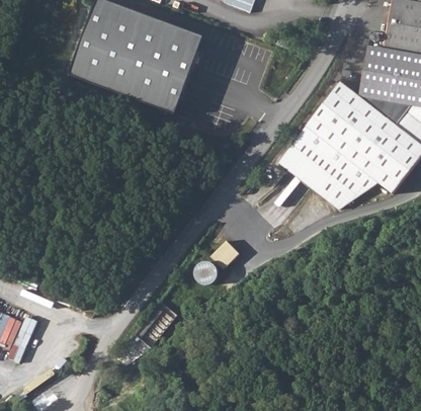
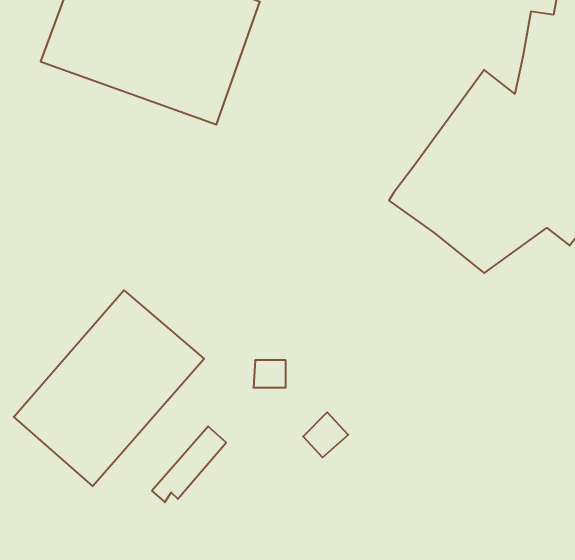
building: none -> [14,290,204,486]
building: [213,239,241,267] -> [303,412,348,457]

